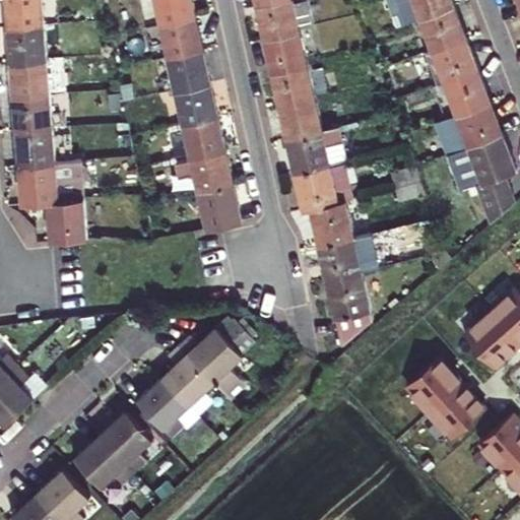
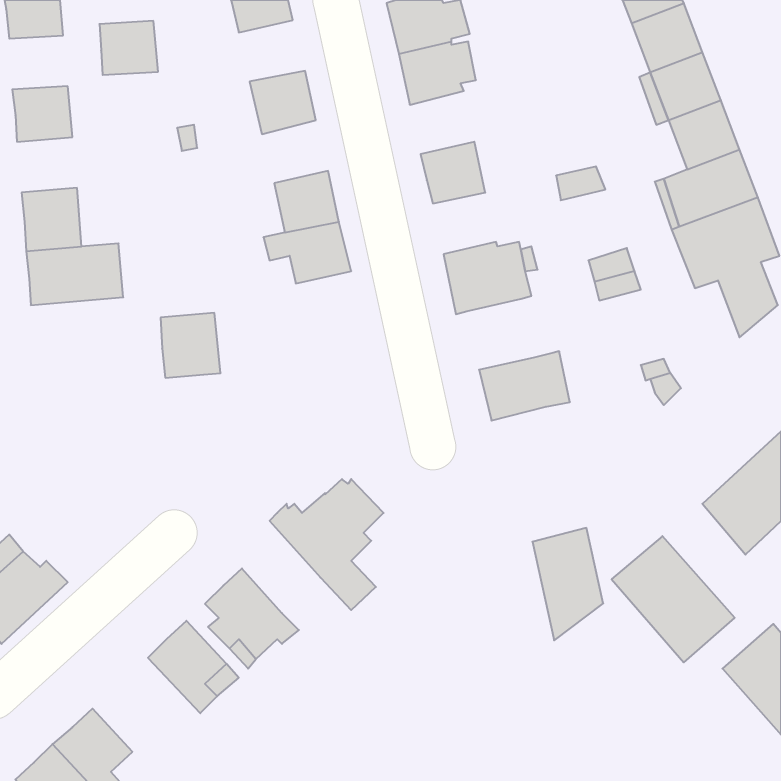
building: [157,17,201,58] -> none
building: [6,27,45,63] -> [99,21,158,75]
building: [270,64,325,106] -> none
building: [173,83,216,125] -> none
building: [11,94,51,131] -> none
building: [285,127,342,172] -> none
building: [195,183,241,231] -> none
building: [46,200,85,243] -> [161,313,221,378]
building: [308,201,352,248] -> none
building: [324,272,371,346] -> [532,528,603,640]
building: [159,347,211,408] -> none
building: [72,438,132,489] -> none

